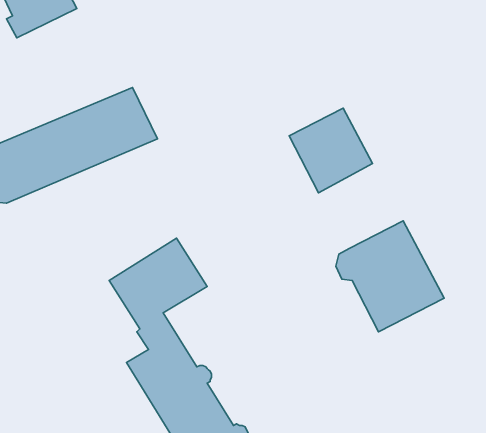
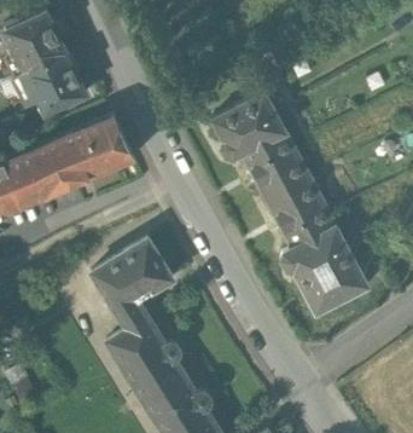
building: none -> [18,50,89,112]
building: none -> [213,92,287,161]
building: none -> [267,179,337,249]

